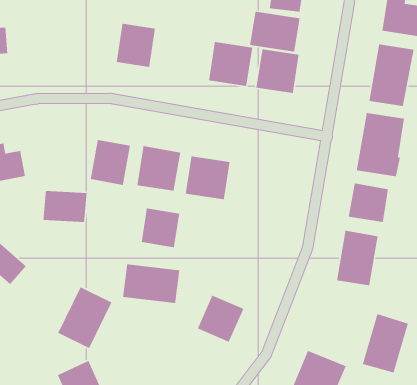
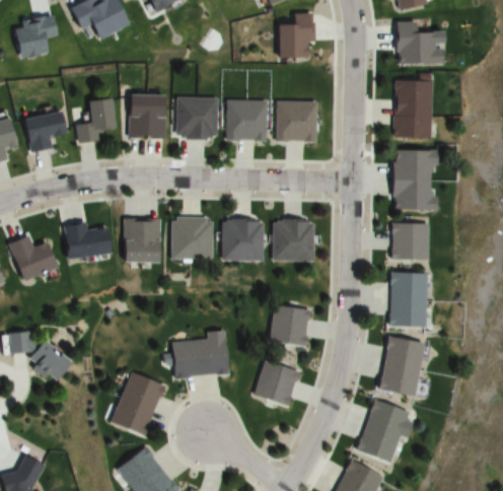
building: [249,11,301,52] -> none
building: none -> [77,97,116,142]
building: none -> [23,112,66,153]
building: none -> [176,96,218,138]
building: none -> [272,221,313,261]
building: [42,190,87,223] -> [63,223,109,259]
building: [141,207,180,248] -> none
building: none -> [269,303,310,346]
building: [362,313,409,373] -> [379,336,421,395]

